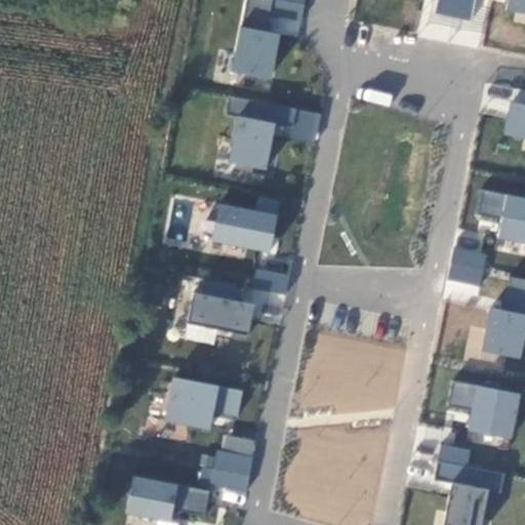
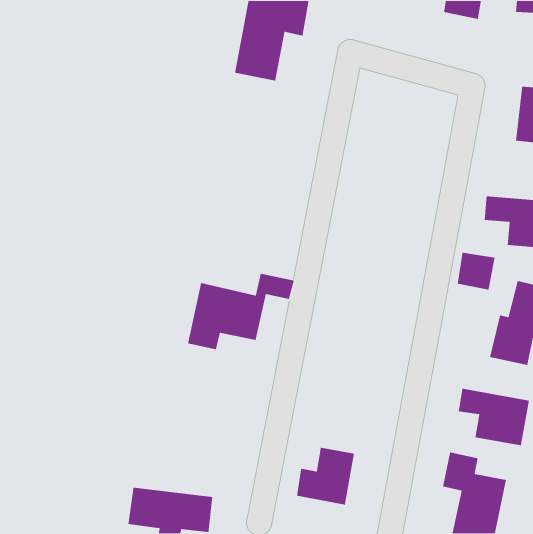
building: [224,95,322,171] -> none
building: [210,196,281,252] -> none
building: [163,375,243,431] -> none
building: [199,434,256,491] -> [296,447,355,505]

